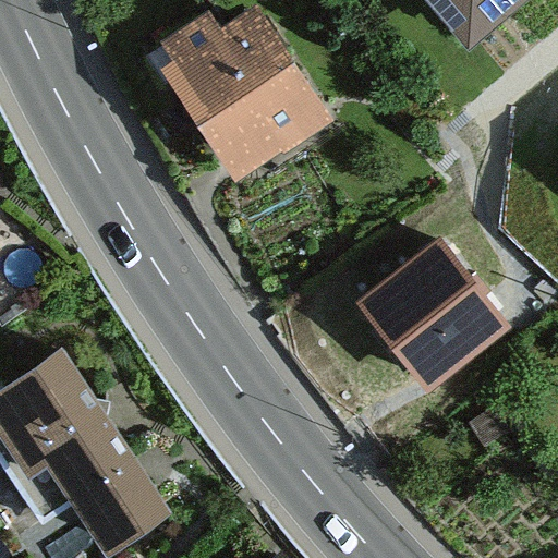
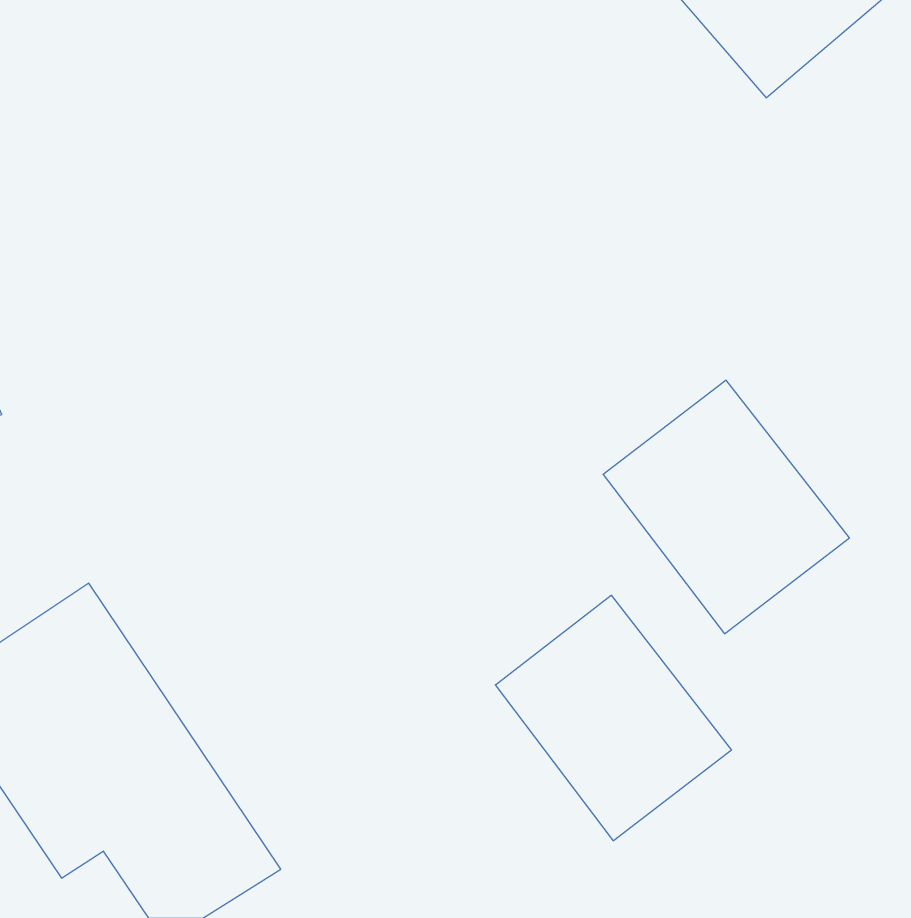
building: [151,12,331,179] -> none
building: none -> [495,595,731,841]

